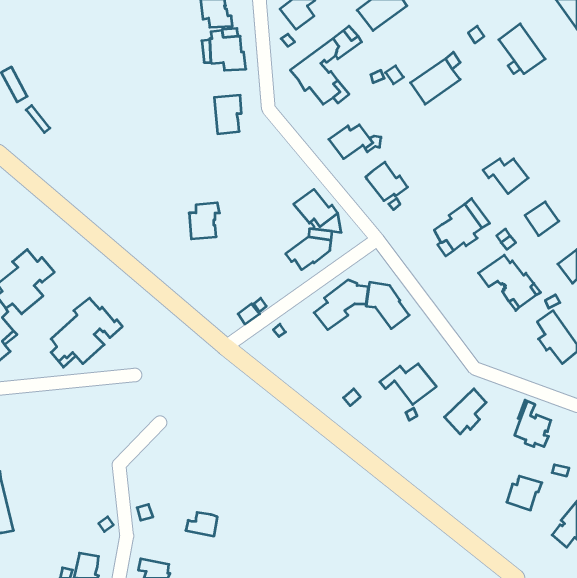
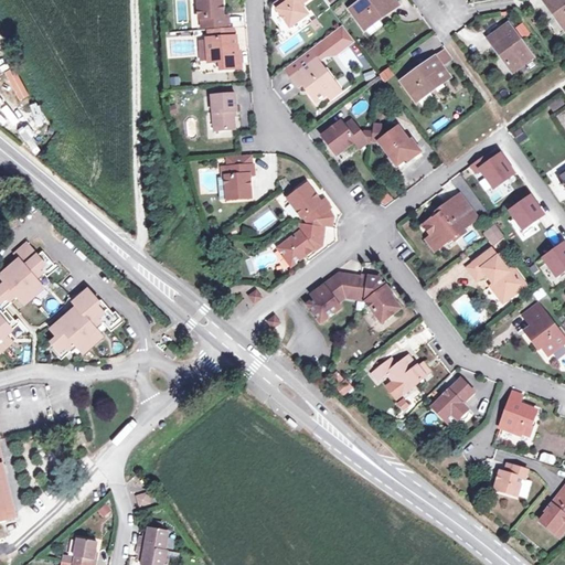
building: [366,162,408,201] -> [377,127,418,164]
building: [189,203,220,239] -> [223,164,253,200]
building: [186,512,217,536] -> [137,526,168,550]

